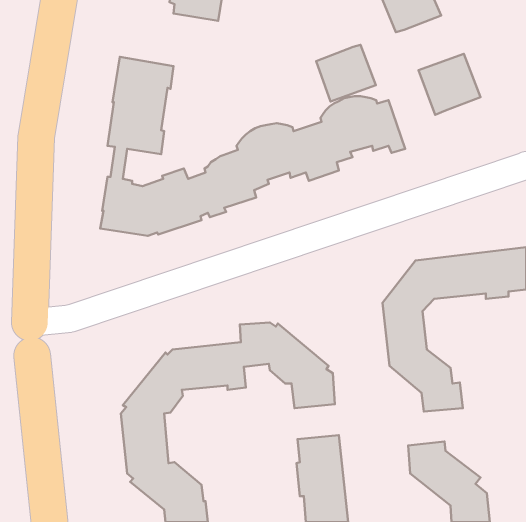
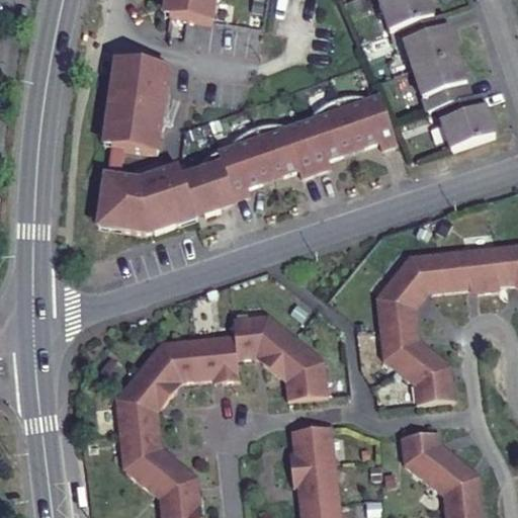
building: [316,45,376,102] -> [396,13,454,69]
building: none -> [436,93,493,150]

